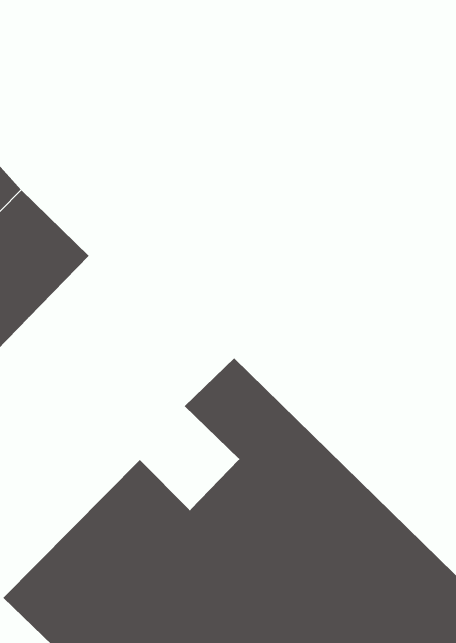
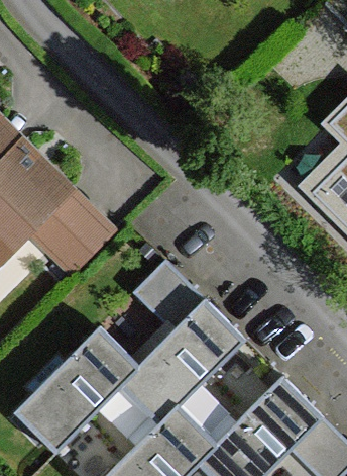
building: none -> [26,190,112,274]

